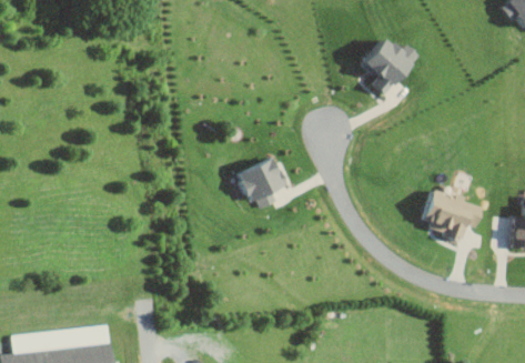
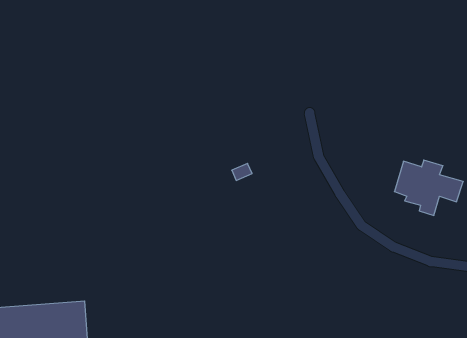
building: [353,36,404,93] -> none
building: [231,154,283,201] -> none

